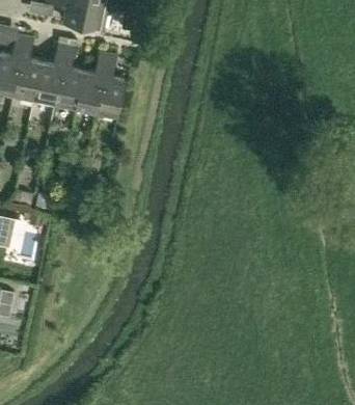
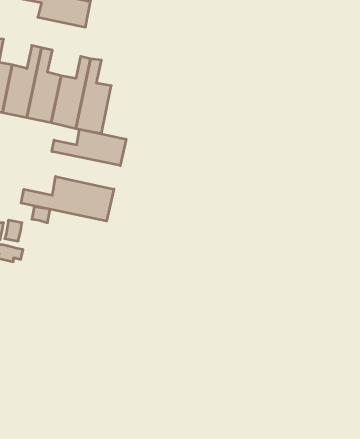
building: none -> [52,129,126,166]
building: none -> [21,176,114,221]

